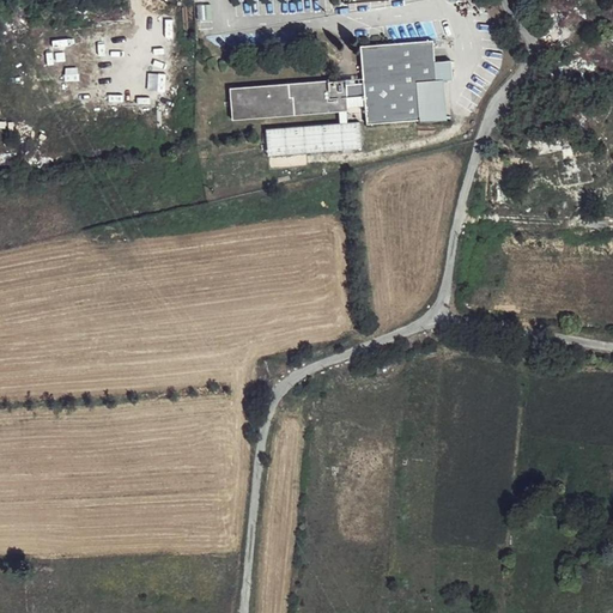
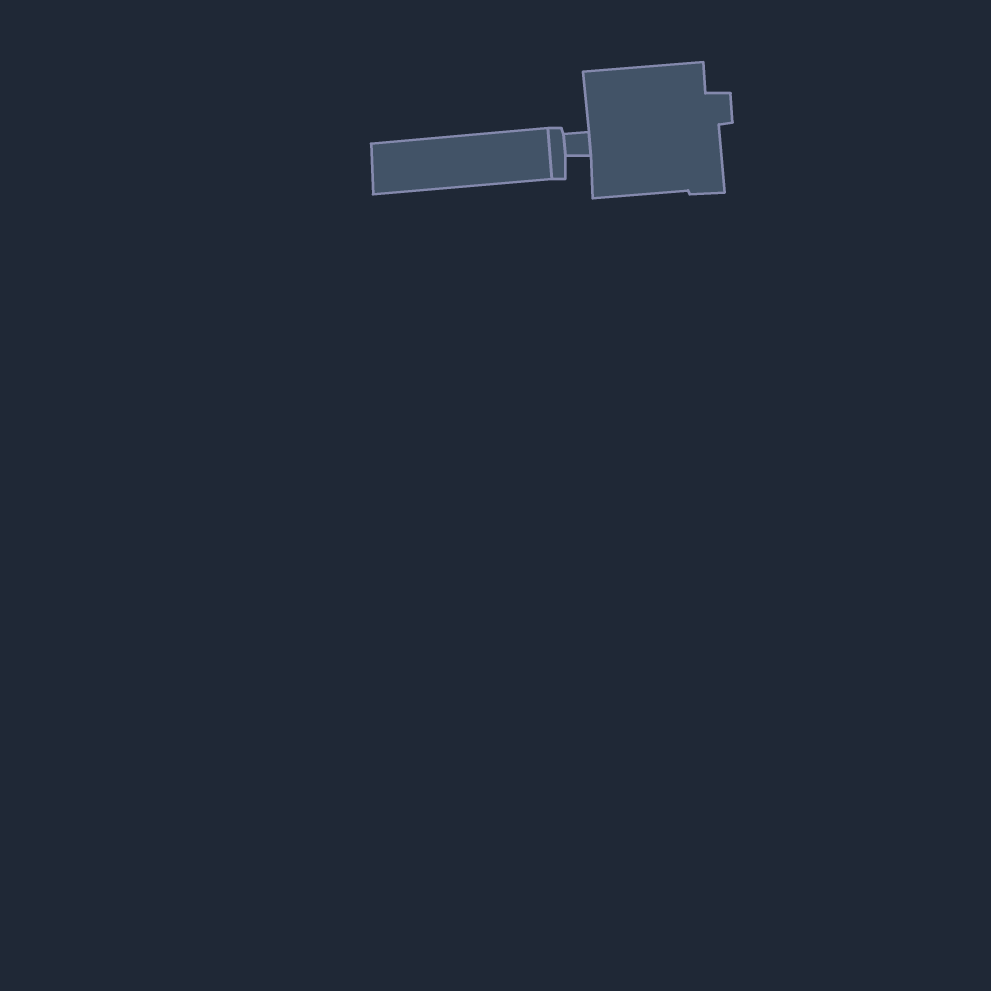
building: [265,121,358,152] -> none

